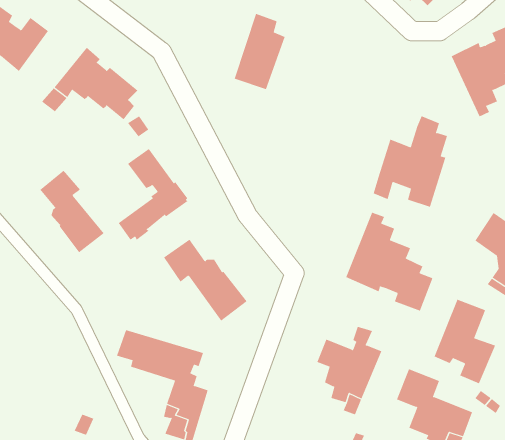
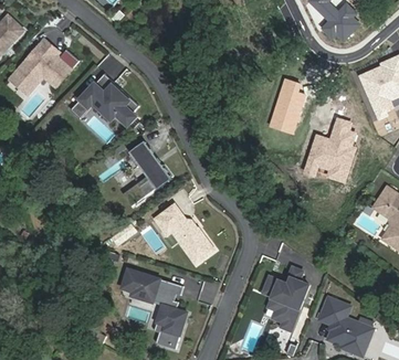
building: [234,13,285,90] -> [267,78,304,133]
building: [39,170,104,253] -> none
building: [345,212,433,312] -> none
building: [434,299,496,384] -> none

